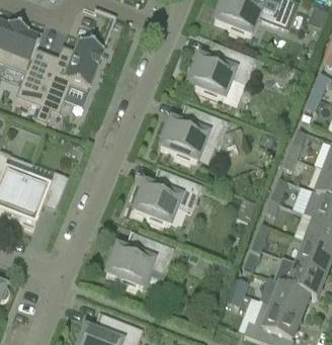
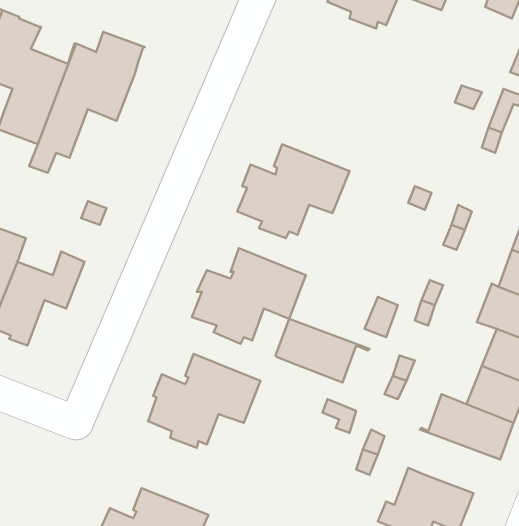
building: [186,41,254,99] -> none
building: [261,277,318,316] -> [276,319,369,382]

